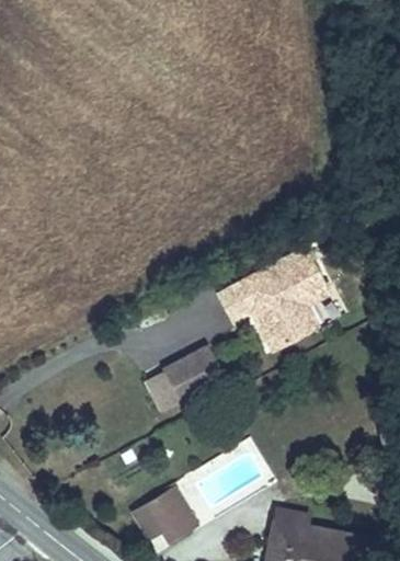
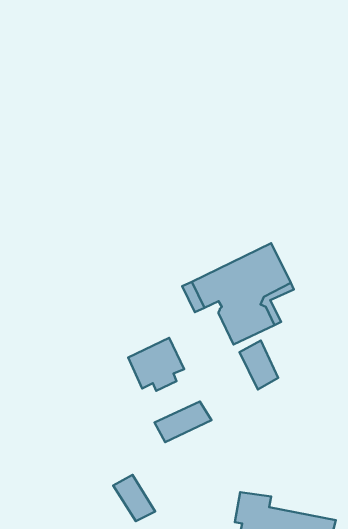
building: none -> [240,341,278,390]
building: none -> [154,401,211,442]

